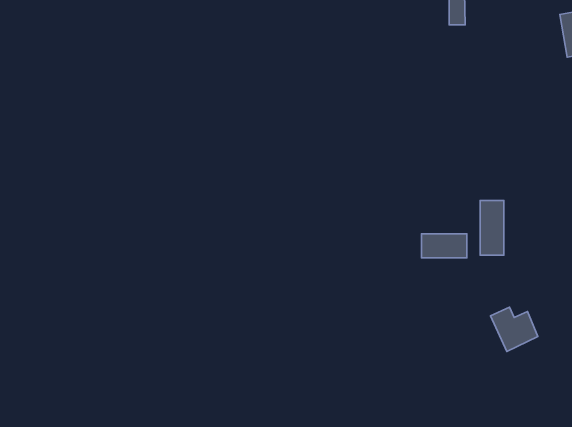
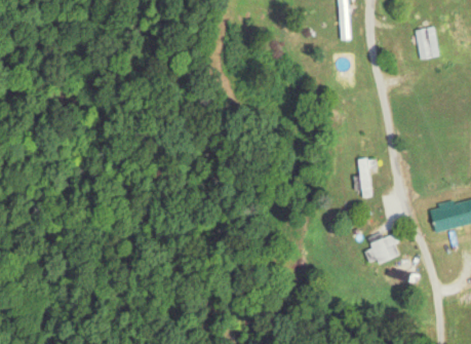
building: [422,234,467,258] -> none

